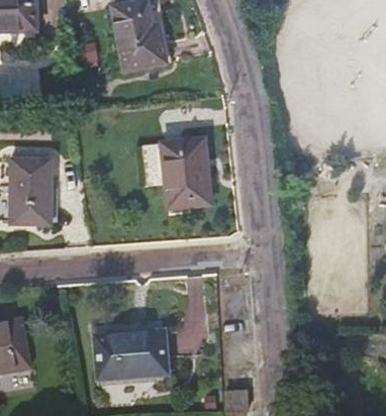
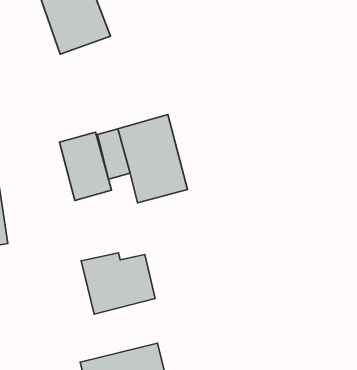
building: none -> [60,132,112,200]
building: none -> [81,253,155,314]

